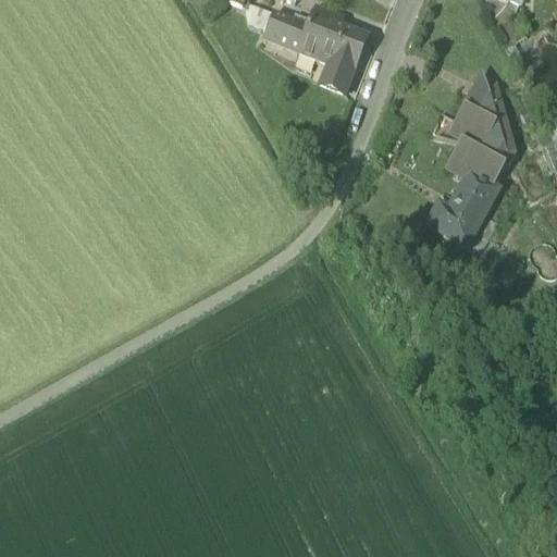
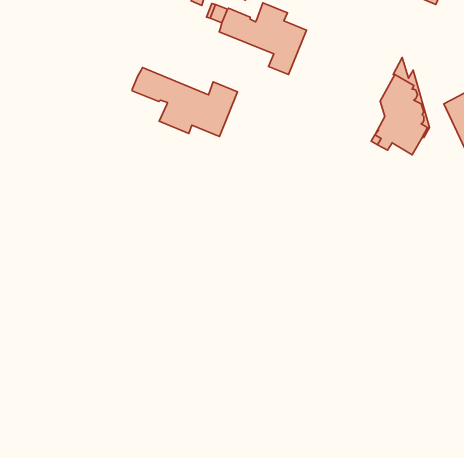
building: none -> [132,68,238,136]
building: [426,171,499,246] -> none

